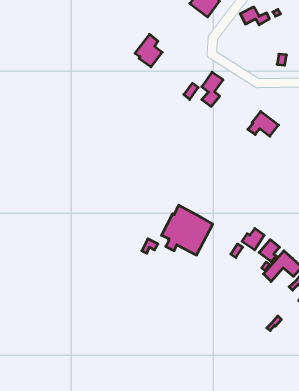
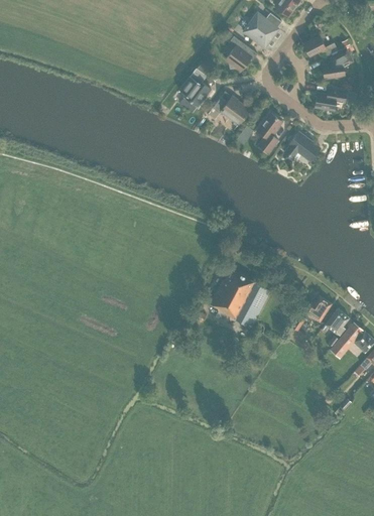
building: none -> [226,35,257,69]
building: none -> [322,47,353,79]
building: none -> [315,88,346,110]
building: none -> [212,95,249,129]
building: [248,111,279,136] -> [283,131,320,160]

